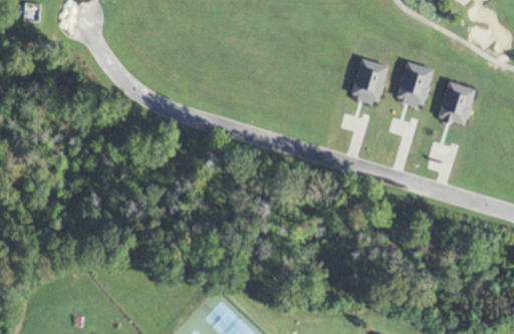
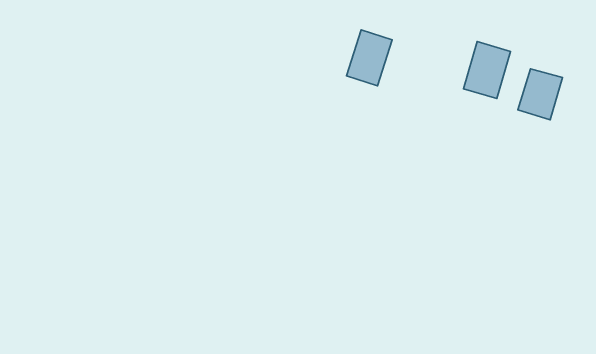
building: [348,58,386,103] -> [346,30,392,86]

